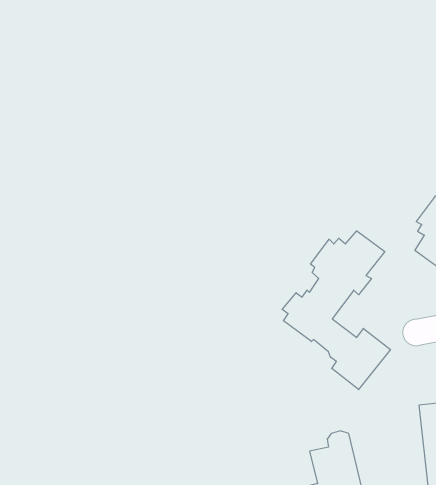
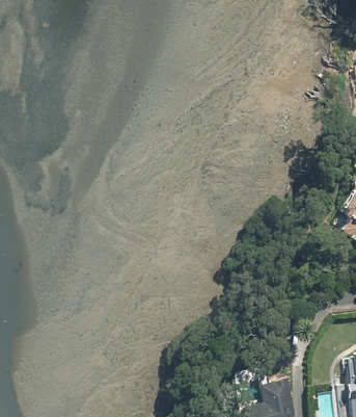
building: [282,231,390,390] -> none

